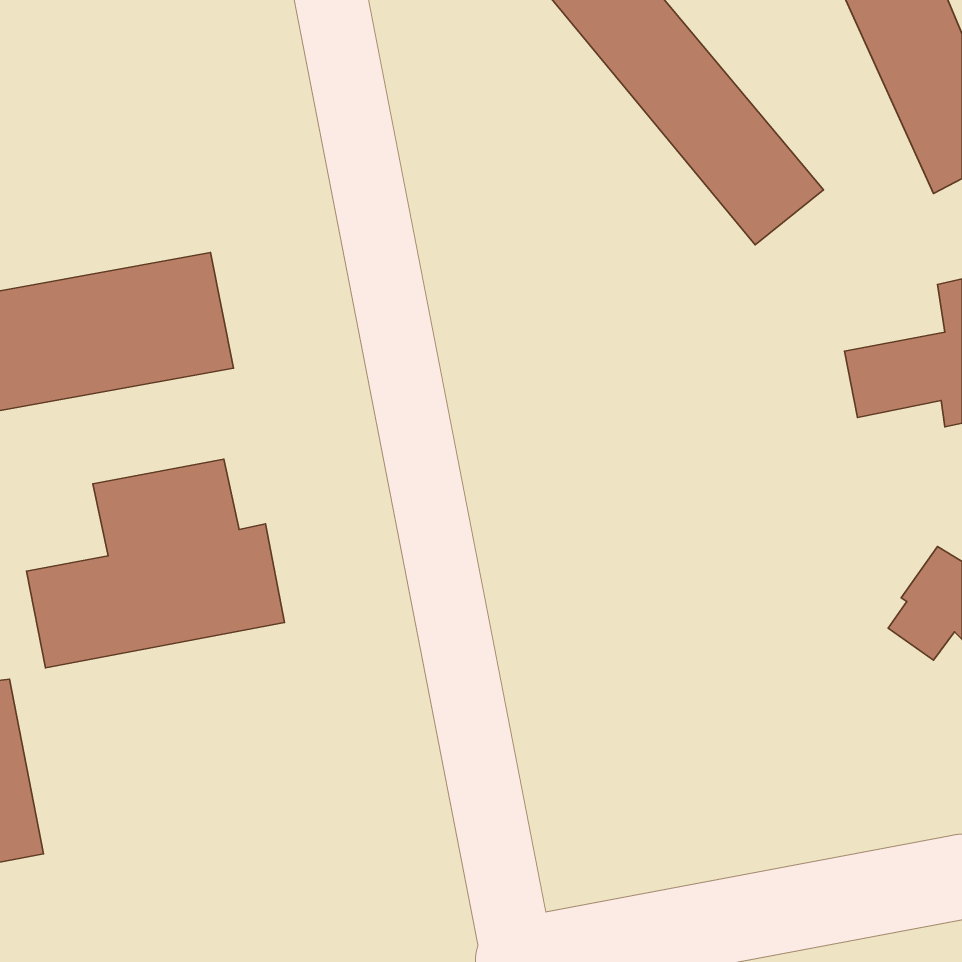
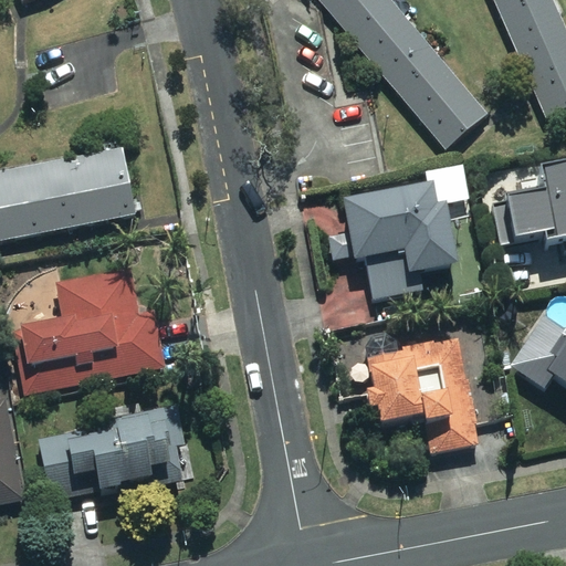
building: none -> [344,182,460,298]
building: none -> [367,337,480,452]
building: none -> [39,406,190,501]

